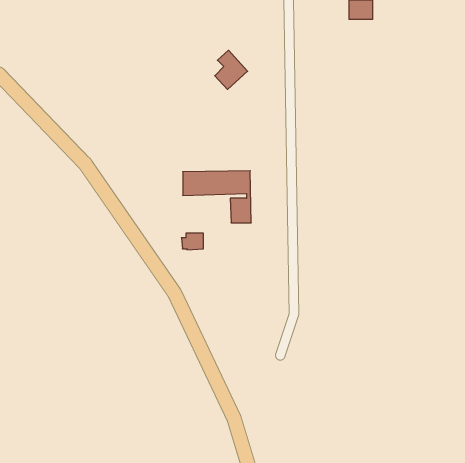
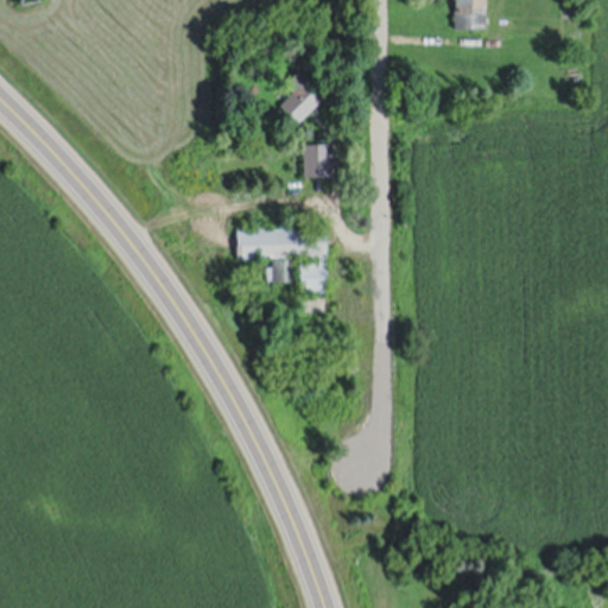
building: none -> [303,145,329,177]
building: [181,233,203,250] -> [265,260,293,281]

